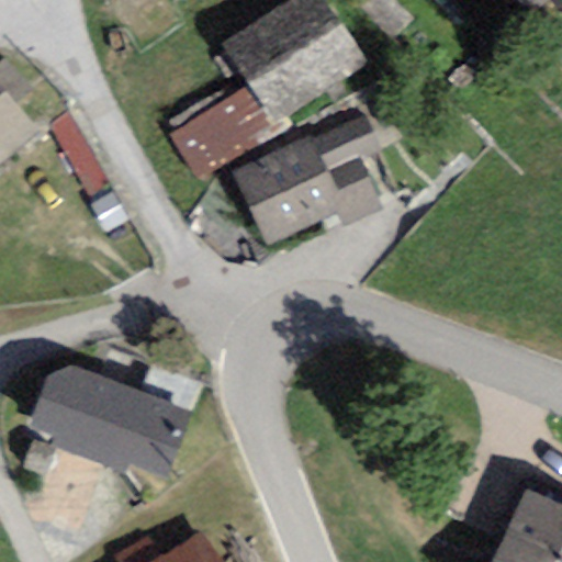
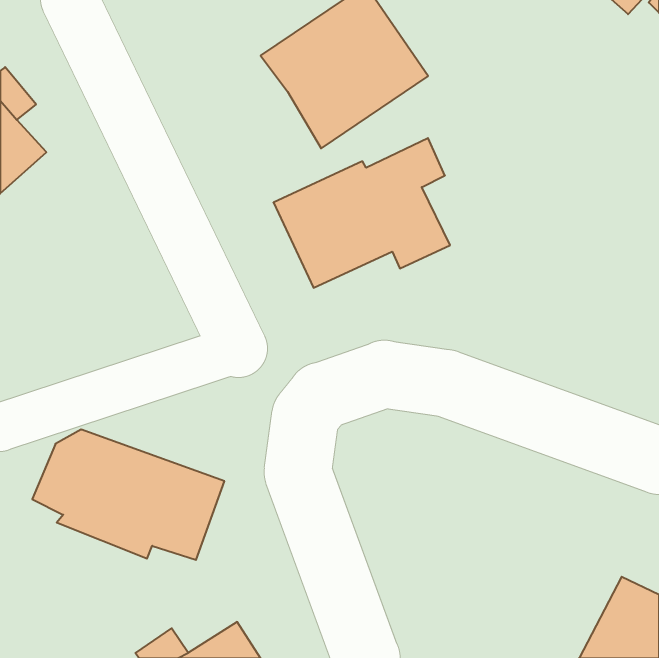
building: [164,78,277,180] -> none

